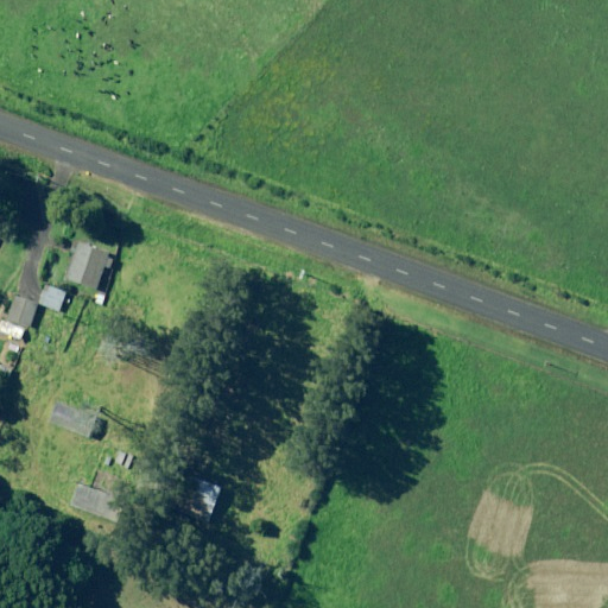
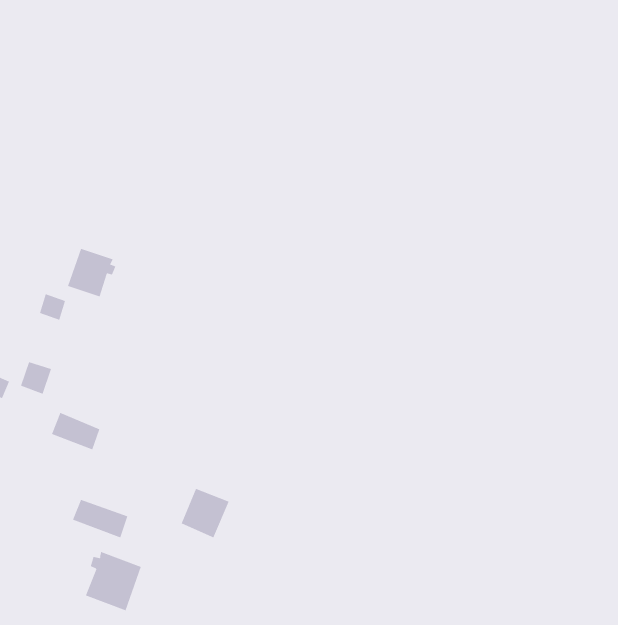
building: [6,296,37,328] -> [20,361,52,394]
building: none -> [85,551,141,611]

